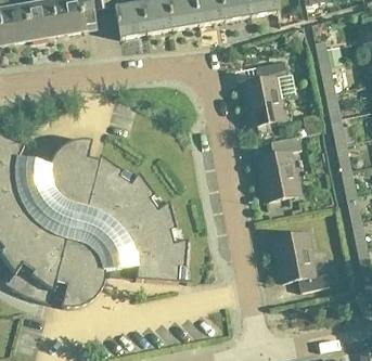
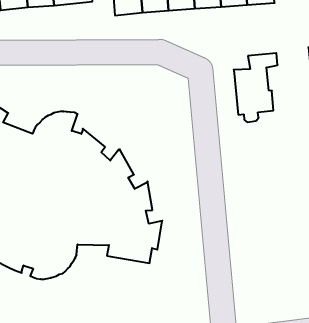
building: [257,134,300,201] -> none
building: [273,231,328,291] -> none

